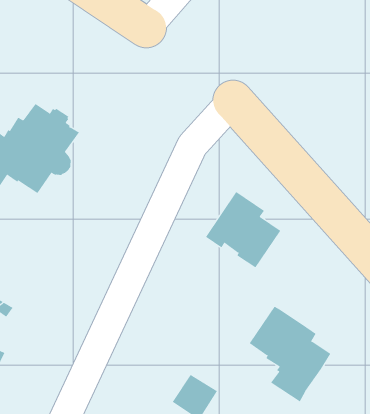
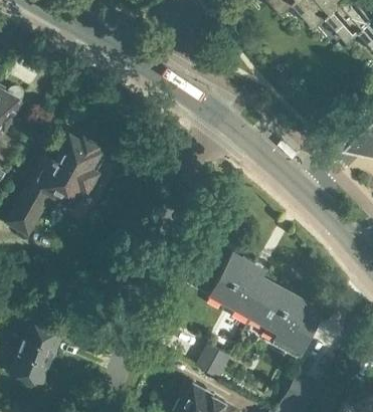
building: [205,191,281,268] -> [211,256,271,317]

